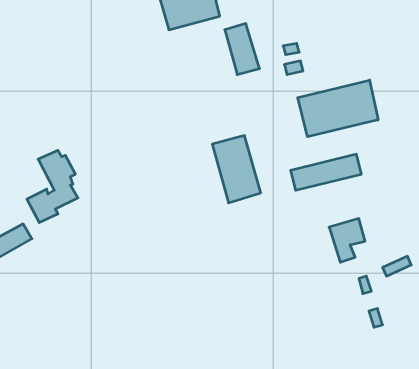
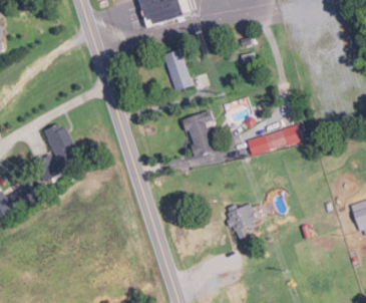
building: [225,24,260,75] -> [163,49,192,90]
building: [298,80,378,137] -> none
building: [329,219,365,262] -> [227,204,256,239]

